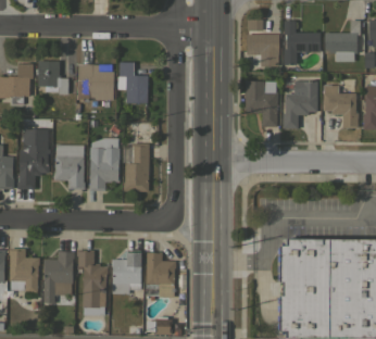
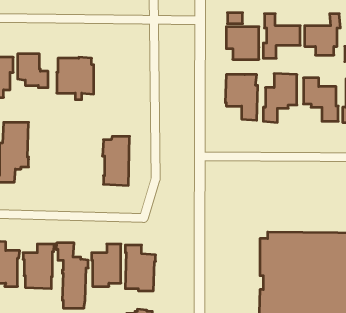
building: [117,62,149,103] -> none
building: [89,142,120,191] -> none
building: [54,145,85,190] -> none

